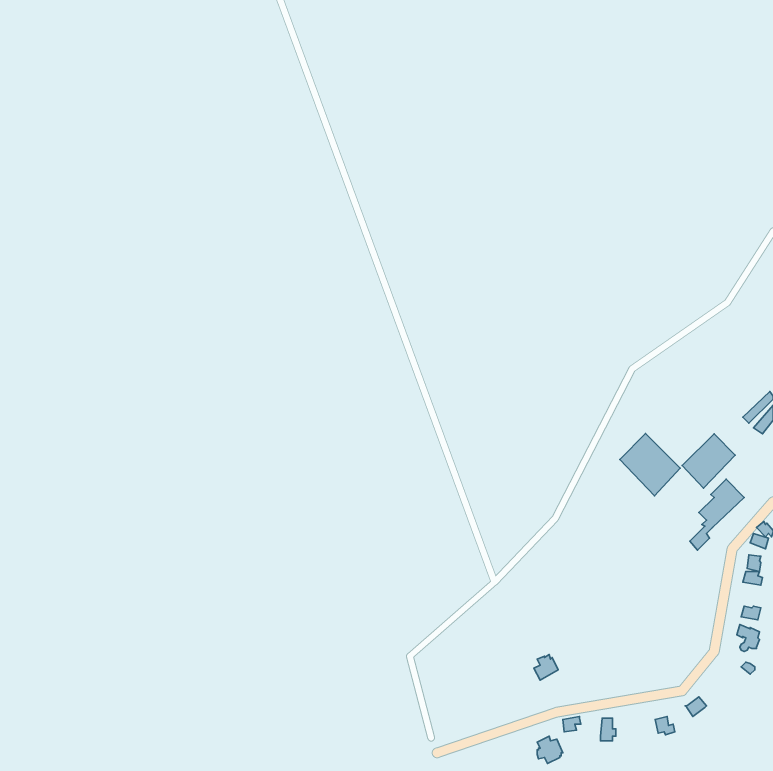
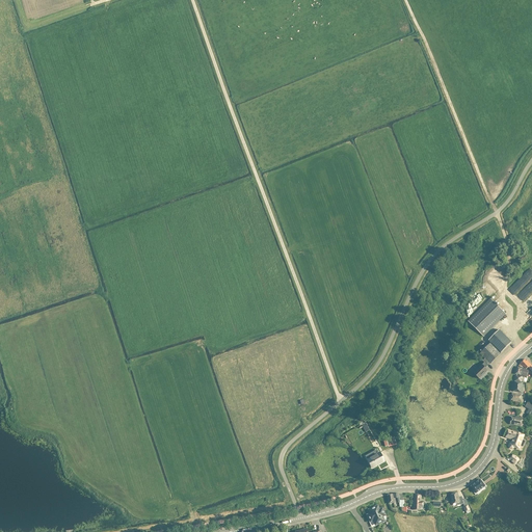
building: [620,434,680,496] -> none

